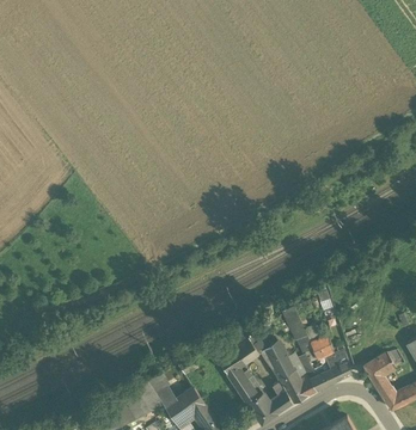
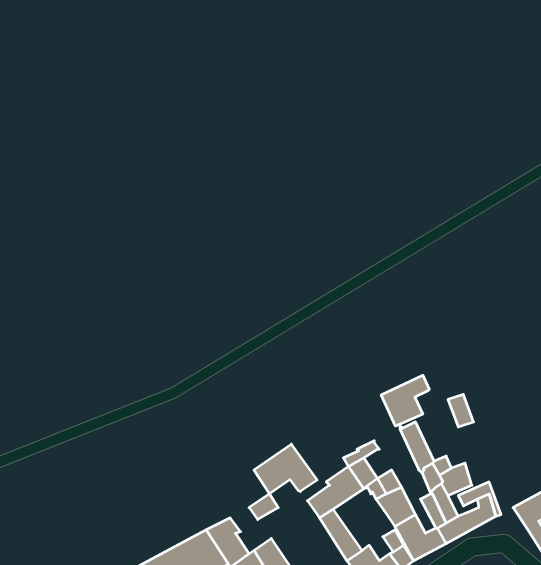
building: none -> [381,375,429,426]
building: none -> [254,444,317,494]

